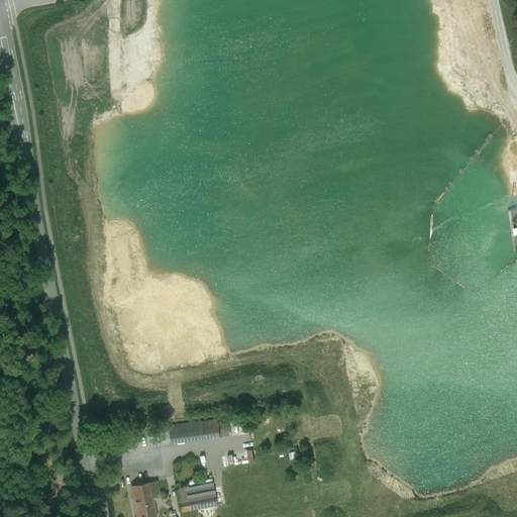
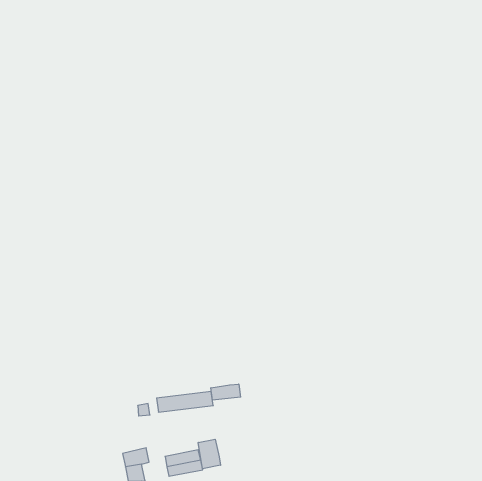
building: none -> [211,384,241,400]
building: none -> [198,439,221,469]

